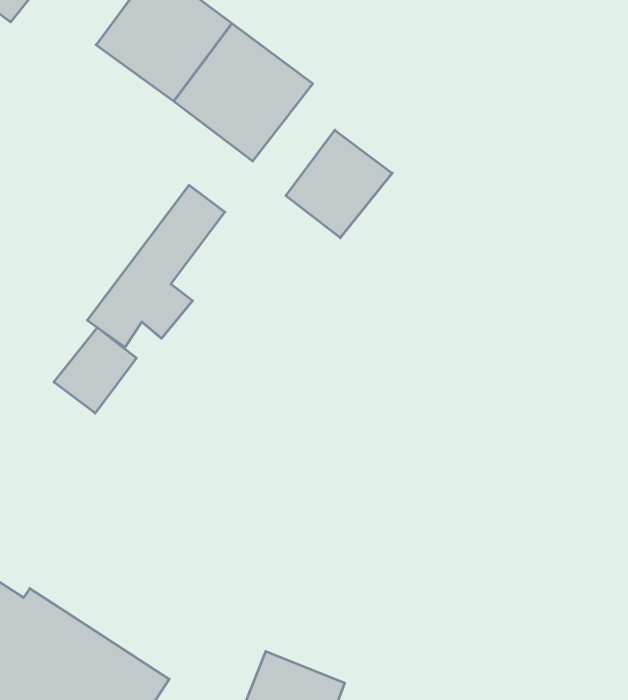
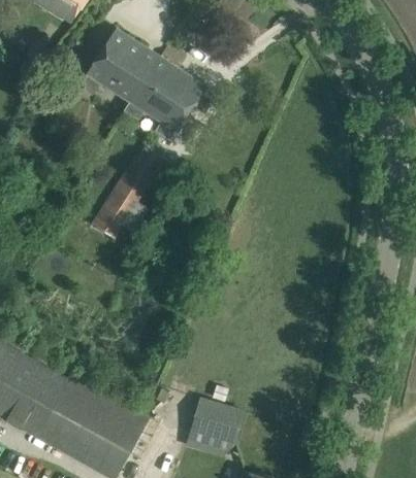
building: [286,130,392,238] -> none
building: [54,327,136,413] -> none

